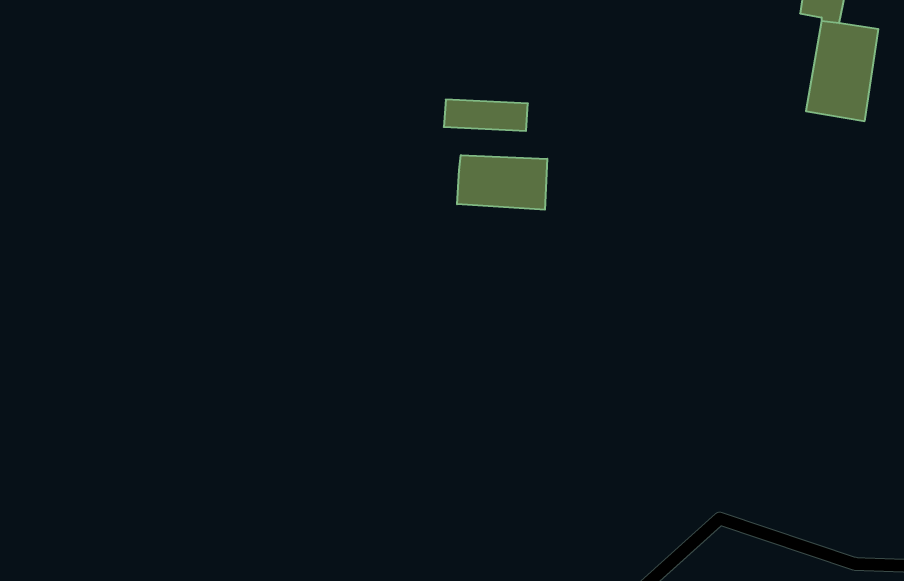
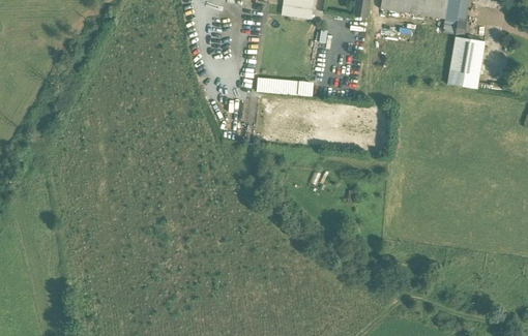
building: [457,155,547,210] -> none

